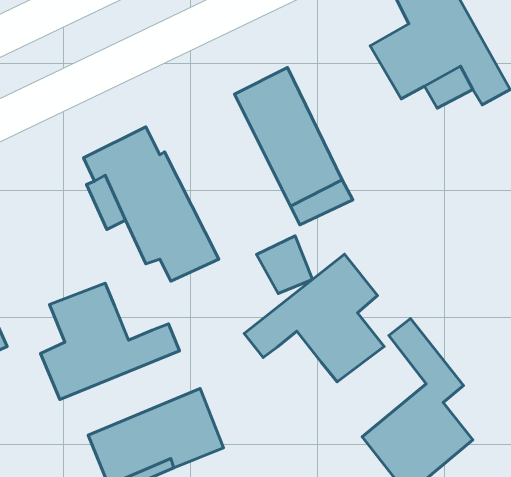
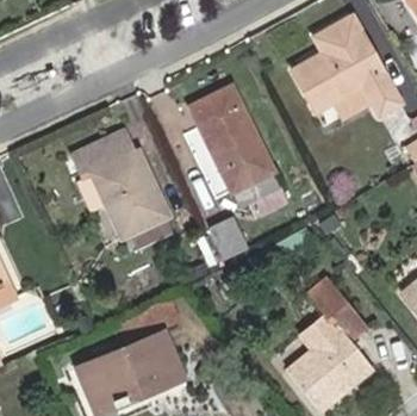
building: [244,254,384,382] -> none
building: [40,283,180,400] -> none

